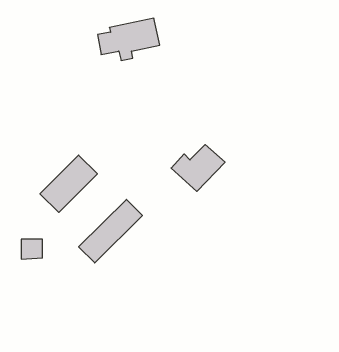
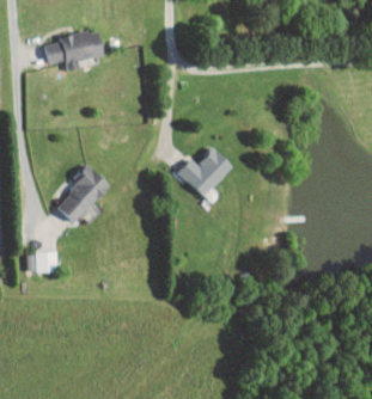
building: [98,18,160,60] -> [37,26,100,69]
building: [79,199,142,263] -> none

